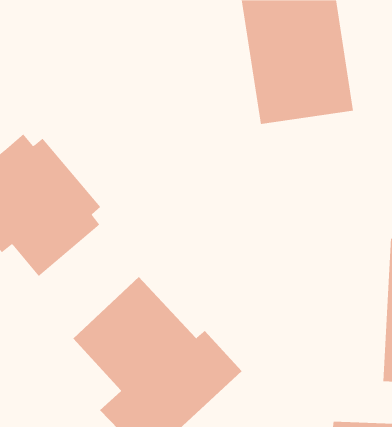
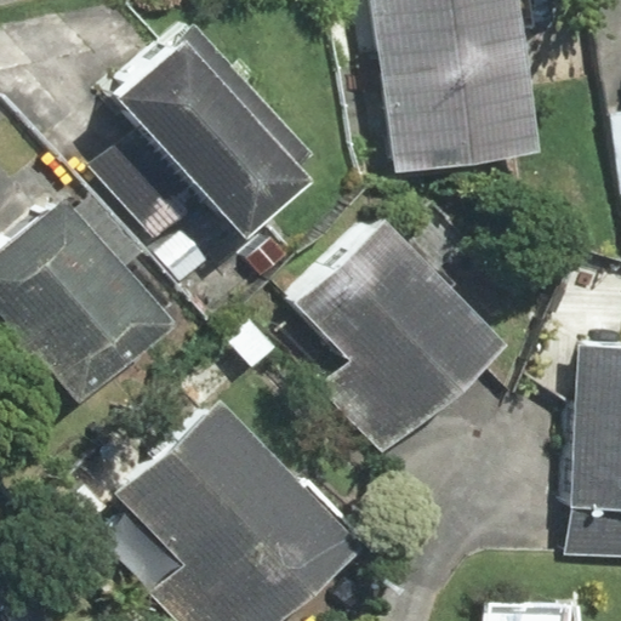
building: none -> [112,23,303,229]
building: none -> [297,217,503,456]

